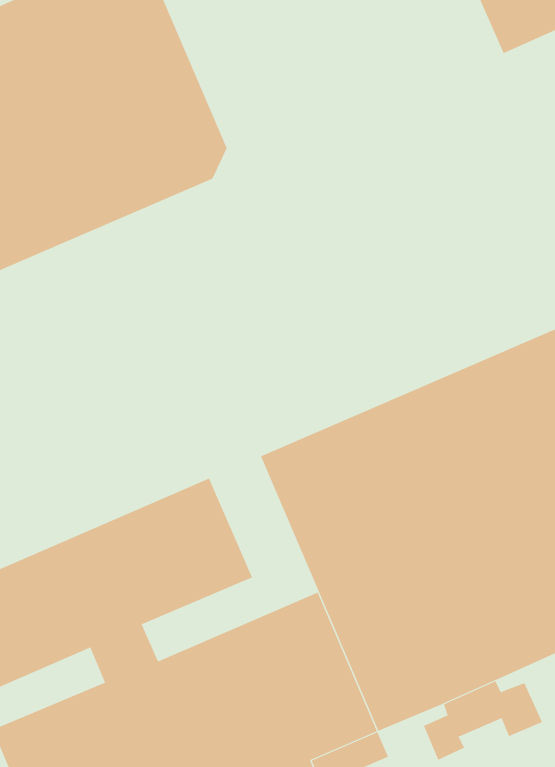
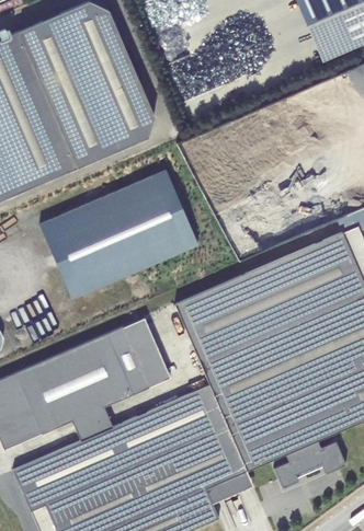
building: none -> [39,170,198,298]

